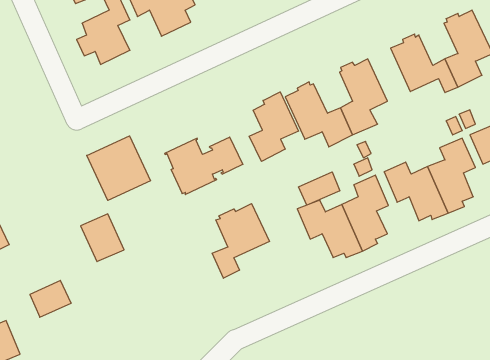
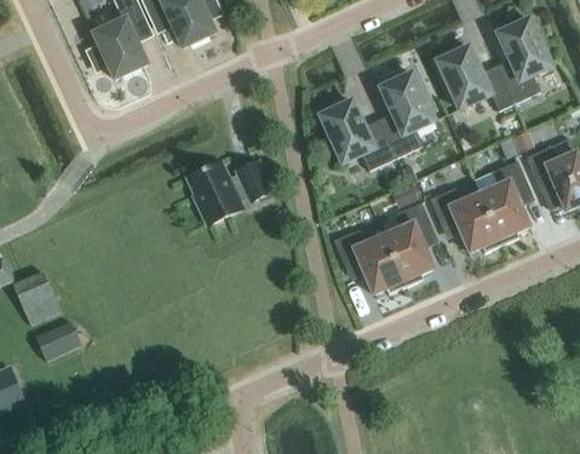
building: [249,92,298,161] -> none
building: [87,136,151,200] -> none
building: [298,172,340,205] -> none
building: [212,204,269,278] -> none
building: [81,214,124,262] -> [12,270,61,323]

